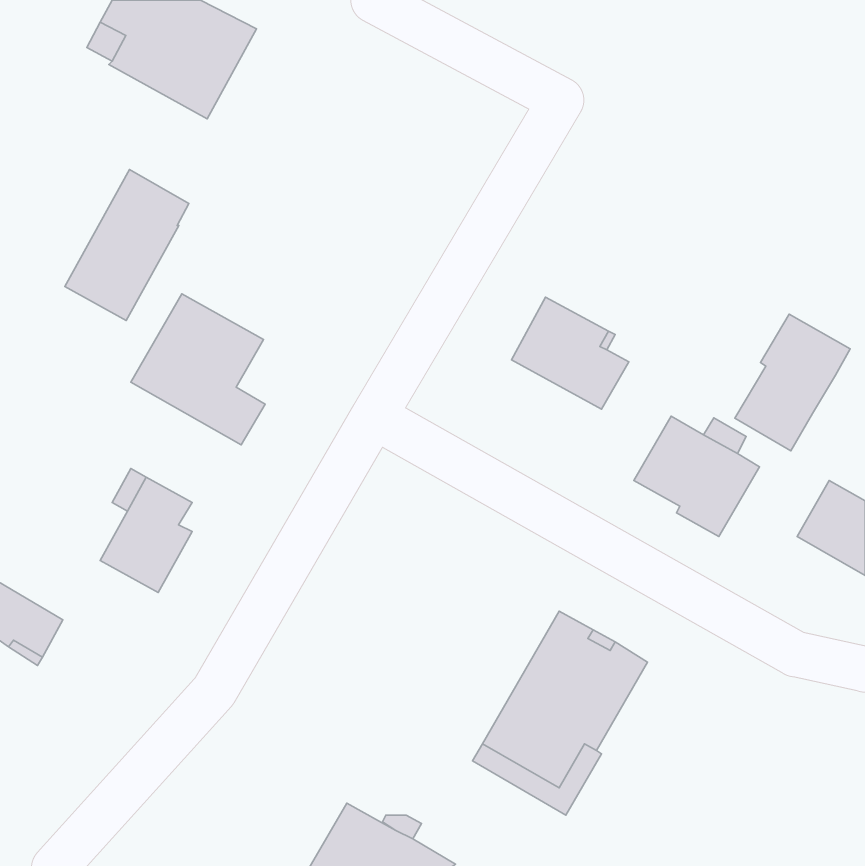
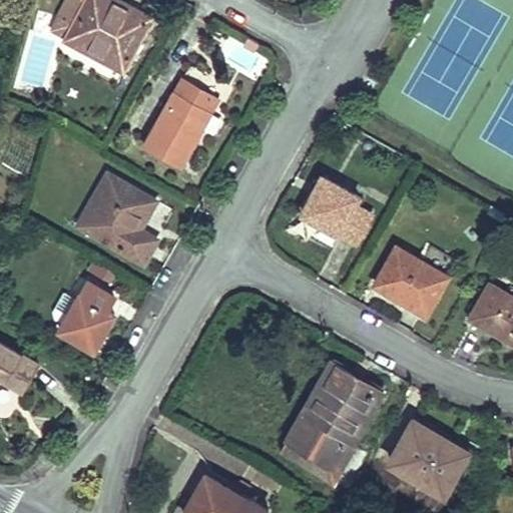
building: [65,169,189,321] -> [143,79,216,168]
building: [735,314,850,451] -> none
building: none -> [389,421,467,493]

